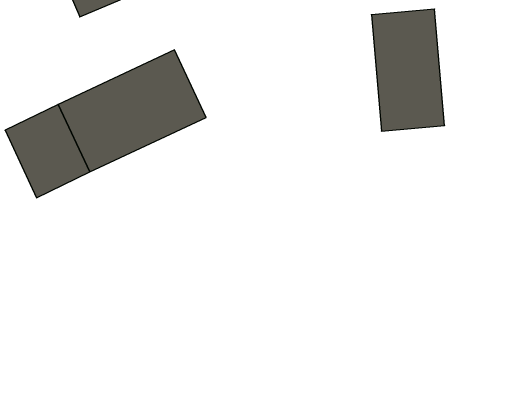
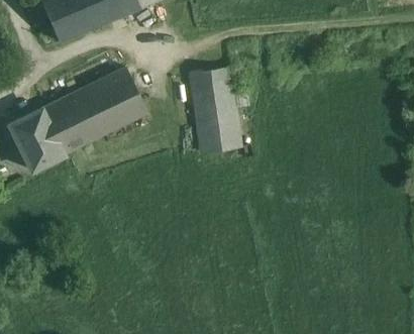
building: [371,9,445,131] -> [191,66,242,151]

